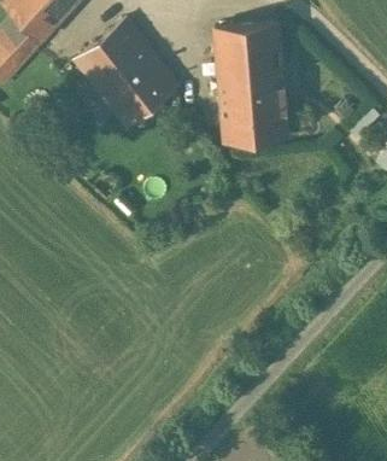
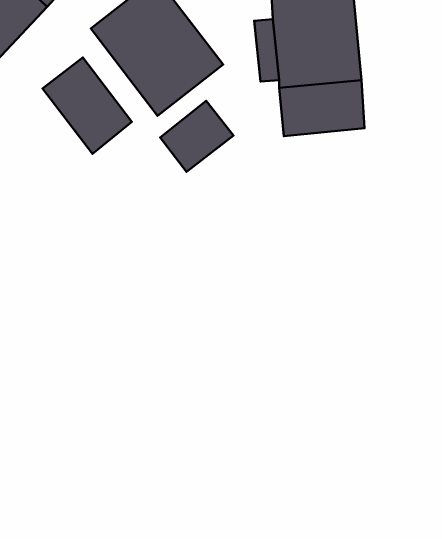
building: none -> [42,58,132,154]
building: none -> [160,101,234,172]

